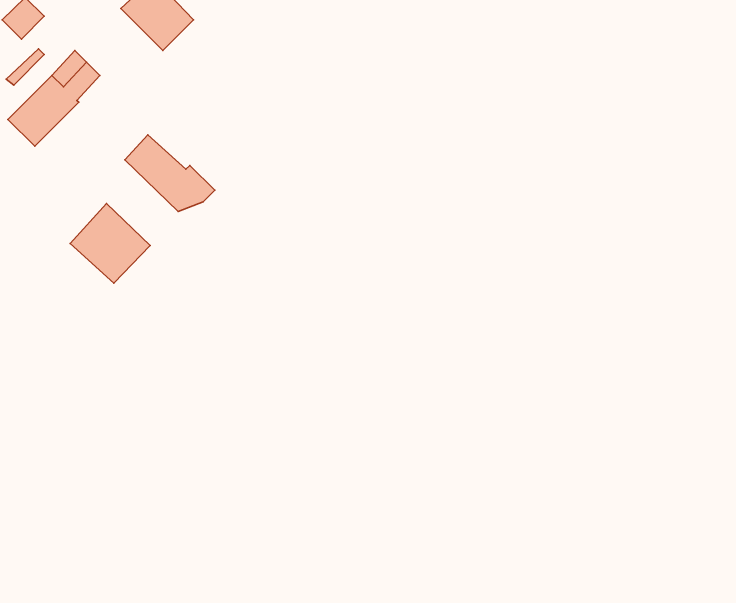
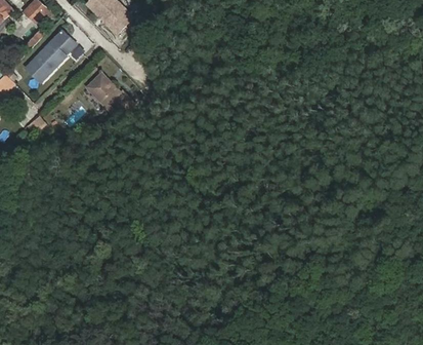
building: [70,204,150,283] -> none

